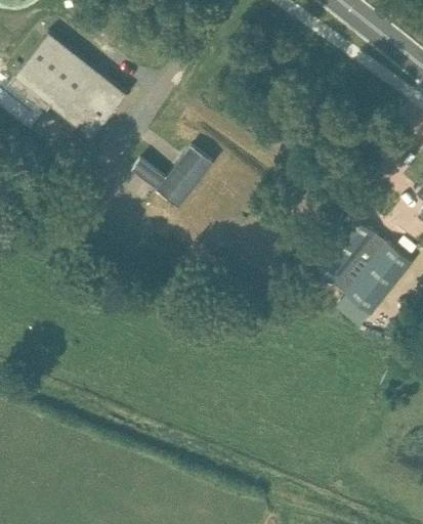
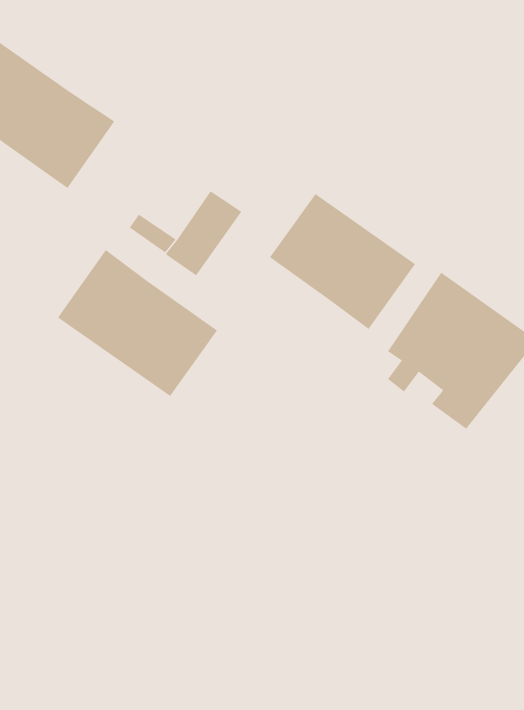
building: none -> [269,193,416,330]
building: none -> [57,249,218,397]

